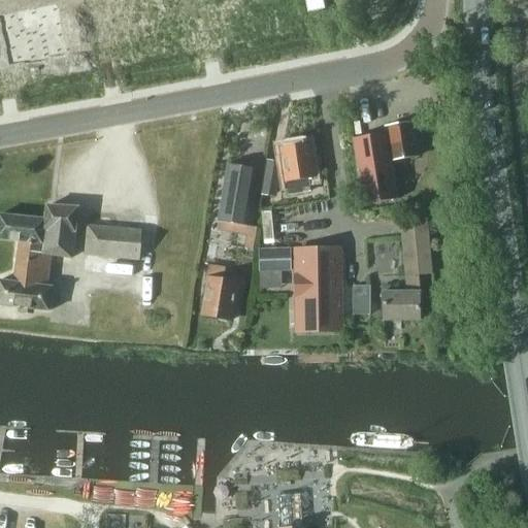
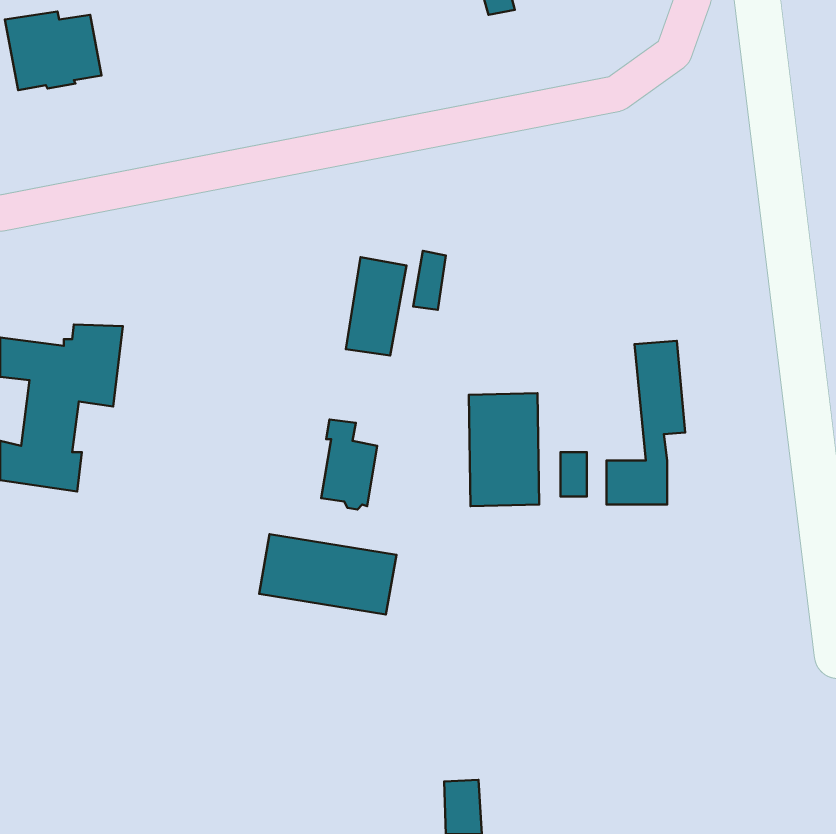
building: [353,122,419,203] -> none
building: [282,141,315,193] -> none
building: [85,222,142,259] -> none
building: [262,243,296,267] -> none
building: none -> [259,534,396,614]

